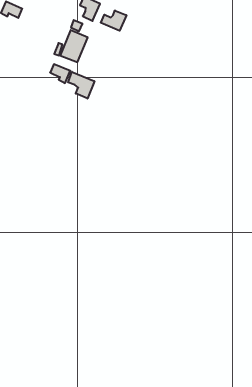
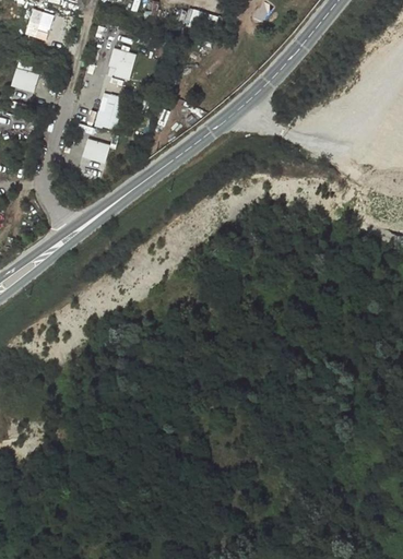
building: [101,10,126,31] -> none
building: [68,72,94,99] -> none

